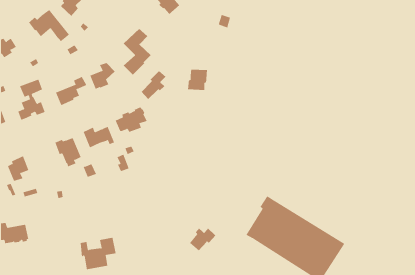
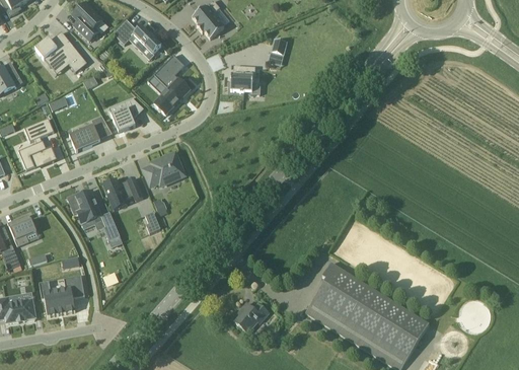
building: none -> [124,24,161,54]
building: [187,69,208,90] -> [230,65,255,91]
building: [141,70,167,100] -> none
building: [80,237,116,270] -> [40,275,85,315]

